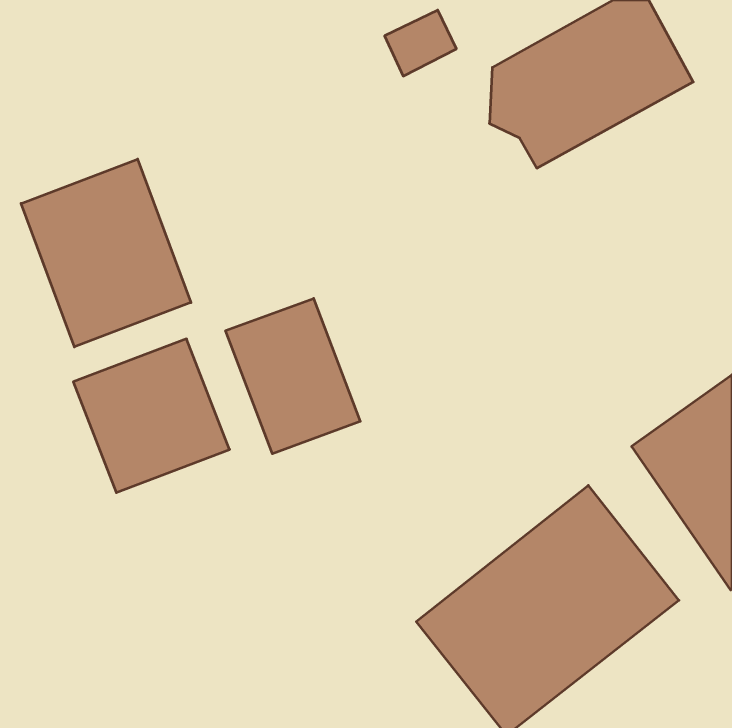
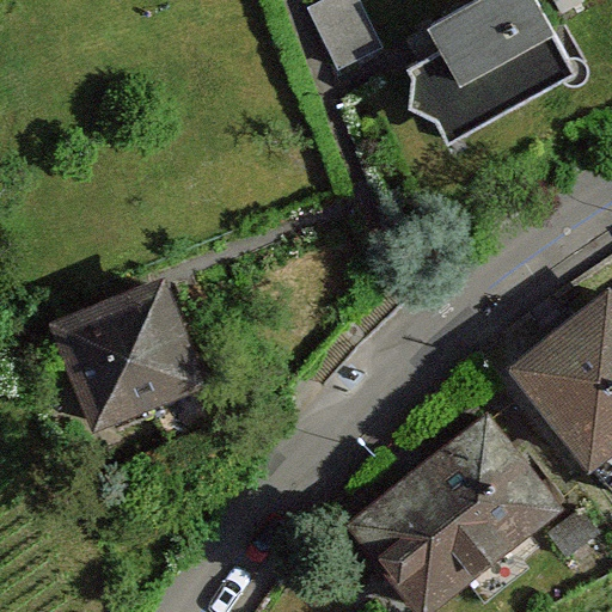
building: [21,159,191,347] -> none
building: [226,298,360,454] -> none

